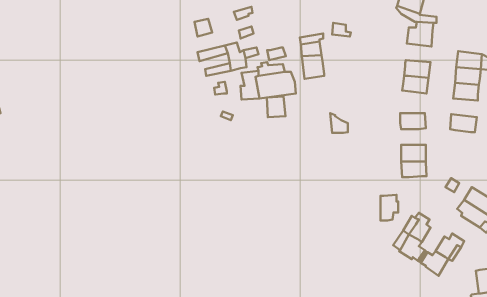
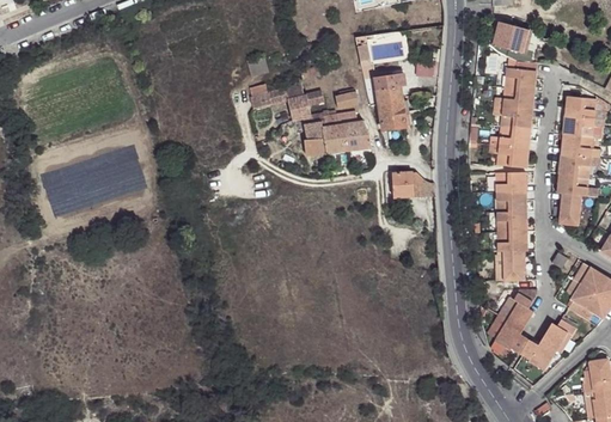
building: none -> [503,87,534,110]
building: none -> [497,145,528,167]
building: [267,97,286,117] -> [391,172,414,197]
building: none -> [558,154,591,177]
building: none -> [497,190,527,210]
building: none -> [560,192,582,222]
building: [381,195,398,220] -> [503,249,525,280]

